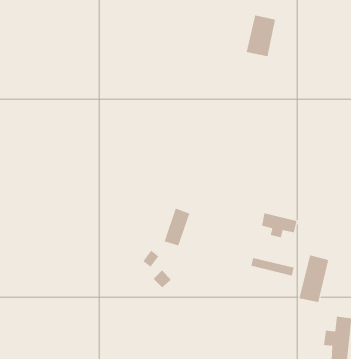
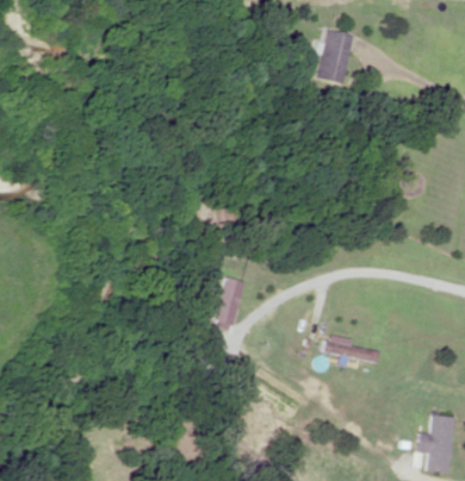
building: [262,212,297,238] -> none
building: [299,255,329,303] -> none

